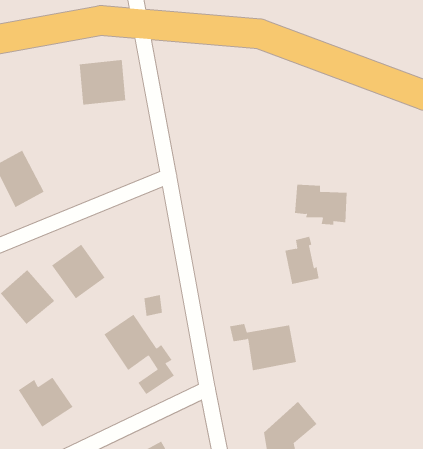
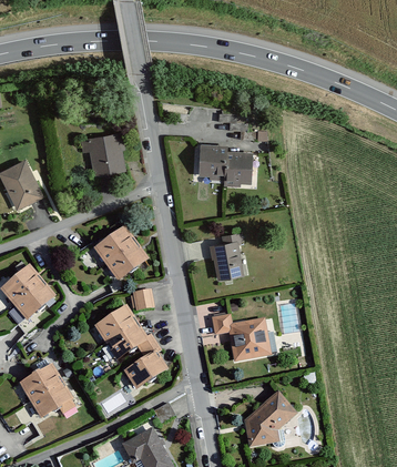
building: [79,59,126,105] -> [82,133,125,175]
building: [294,184,347,225] -> [199,146,247,184]
building: [284,236,319,284] -> [213,235,245,280]
building: [51,244,106,299] -> [98,230,147,281]

